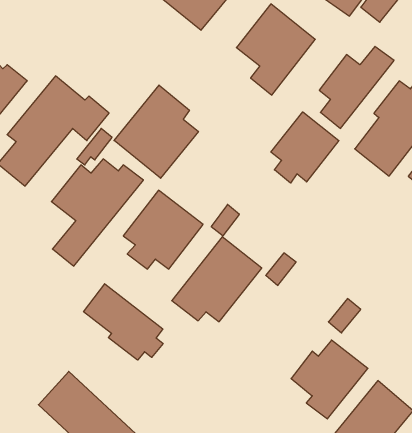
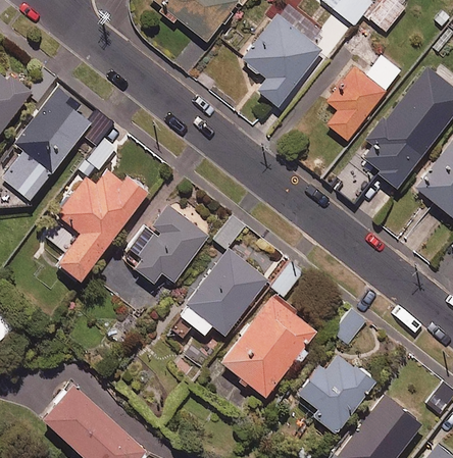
building: [114,85,198,178] -> none
building: [271,112,339,183] -> none
building: none -> [220,296,317,396]
building: [84,284,163,360] -> none

